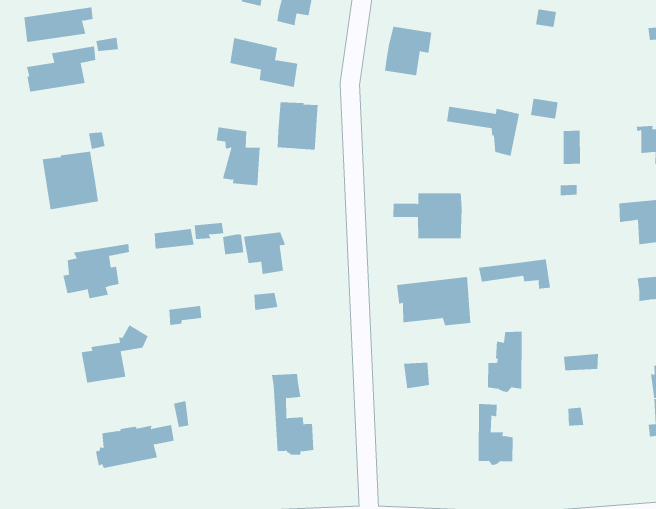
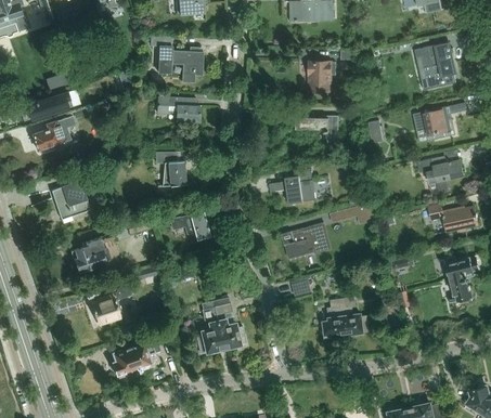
building: [384,26,432,76] -> [310,62,336,90]
building: [277,102,318,151] -> none
building: [487,331,522,392] -> [324,298,348,337]
building: none -> [197,300,223,353]

